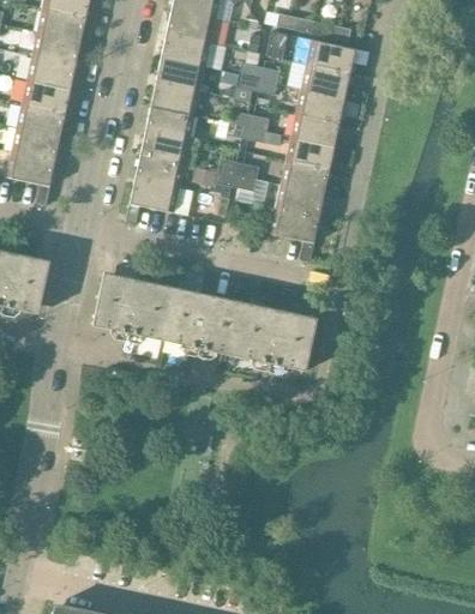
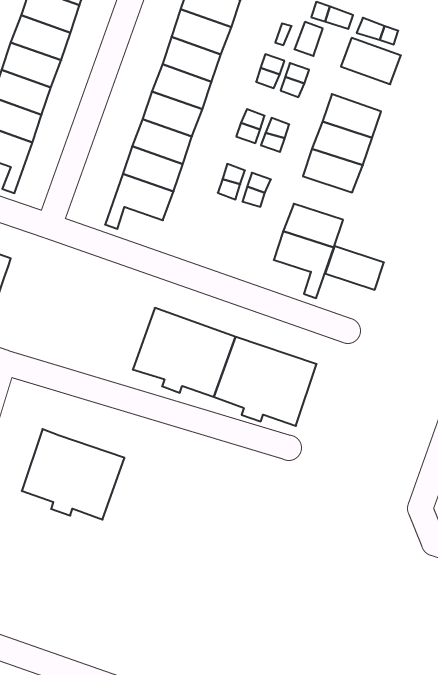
building: [301,66,349,100] -> none
building: [281,162,329,194] -> [325,246,384,290]
building: [92,272,175,342] -> [22,429,125,520]

